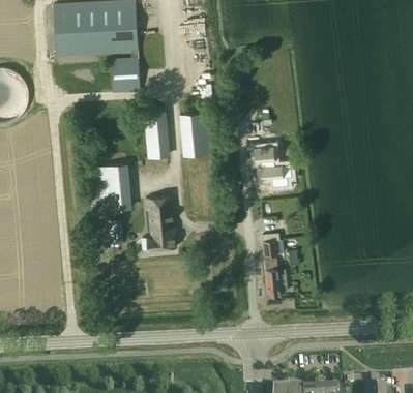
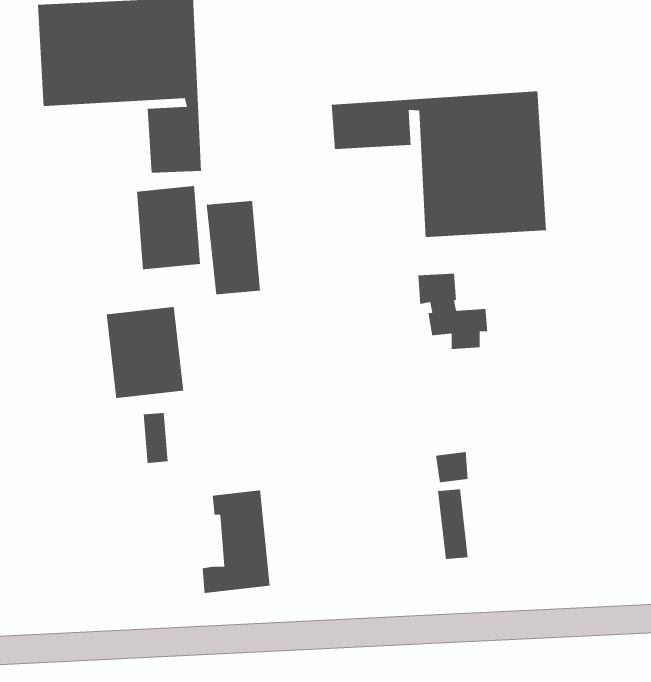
building: none -> [331,90,546,238]
building: [179,112,213,156] -> [136,186,201,270]
building: [140,196,176,251] -> [202,490,271,594]

